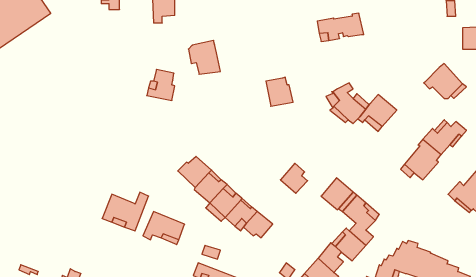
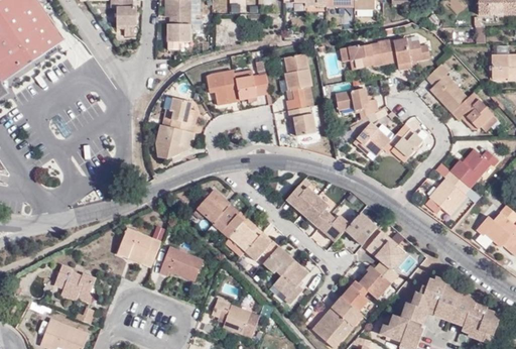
building: none -> [384,38,429,70]
building: none -> [284,53,313,111]
building: none -> [234,61,269,101]
building: none -> [426,64,468,112]
building: none -> [337,91,377,119]
building: none -> [157,125,191,159]
building: none -> [286,188,317,214]
building: none -> [318,215,350,242]
building: none -> [274,260,307,302]
building: none -> [55,265,95,304]

